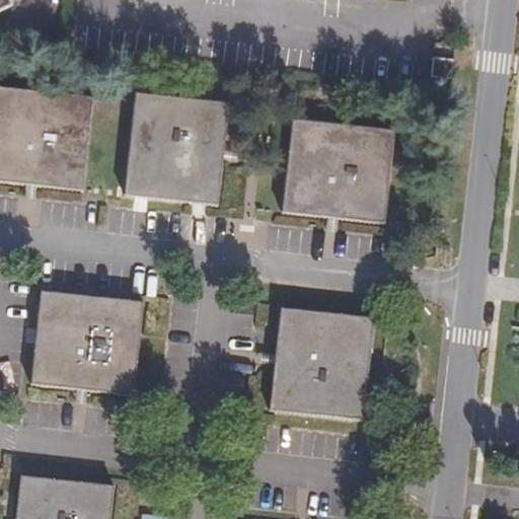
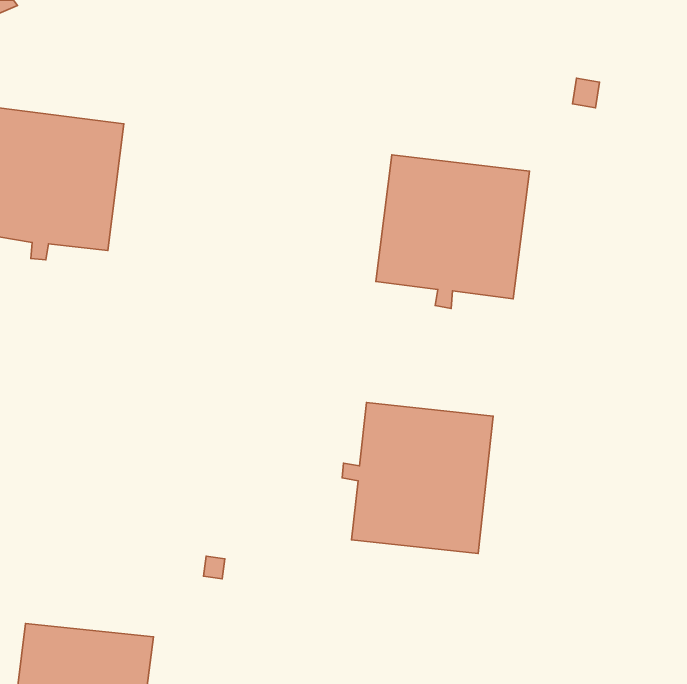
building: [126,93,240,207] -> none
building: [29,287,145,403] -> none

